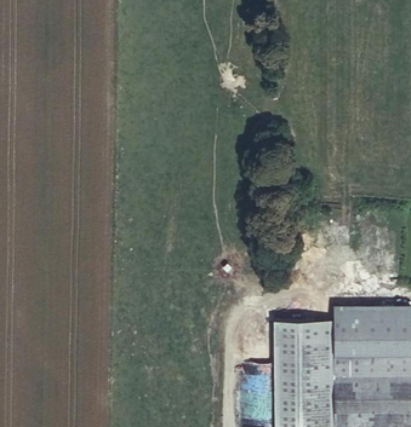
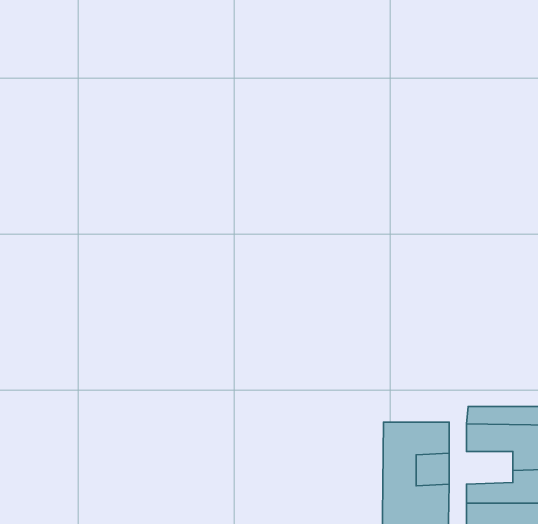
building: [335,342,367,365] -> none

